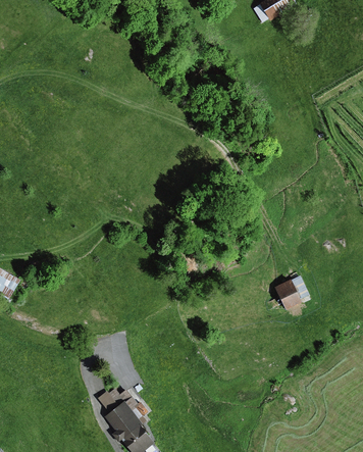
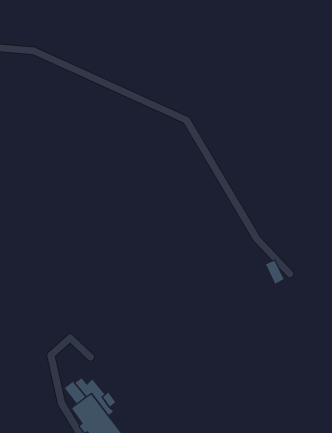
building: [275,280,302,310] -> none

